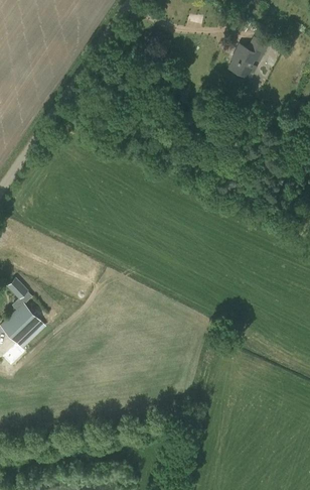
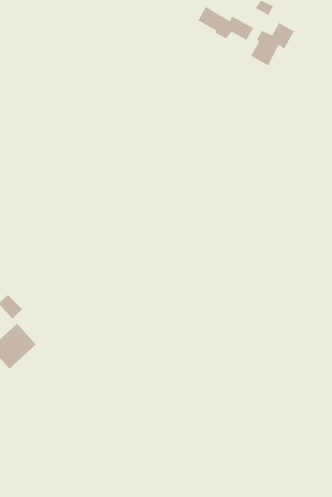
building: none -> [197,6,254,41]

